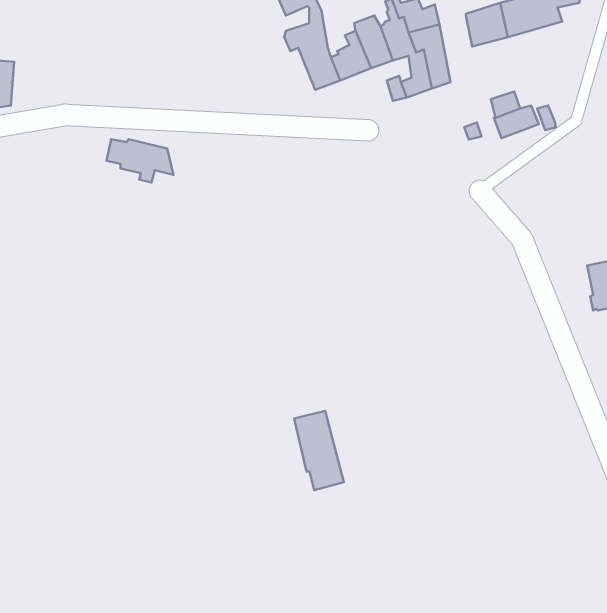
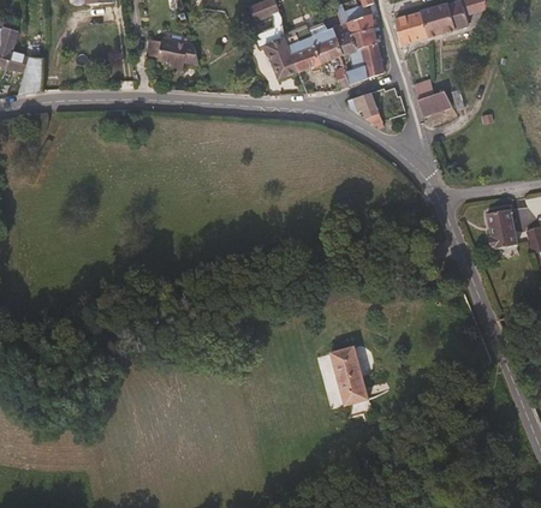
building: none -> [347,91,382,125]
building: [107,139,173,183] -> [148,36,200,70]
building: [294,411,344,490] -> [327,342,365,404]

